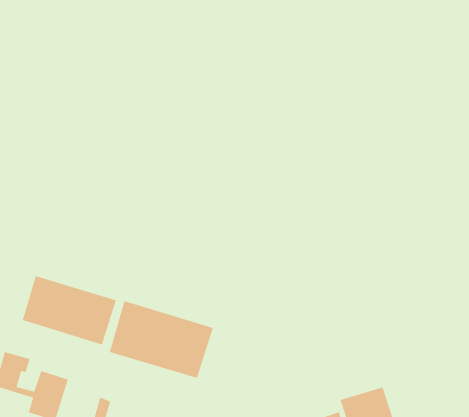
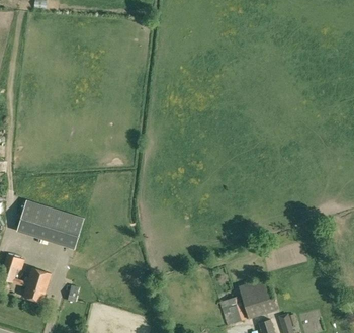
building: [109,300,214,379] -> none

